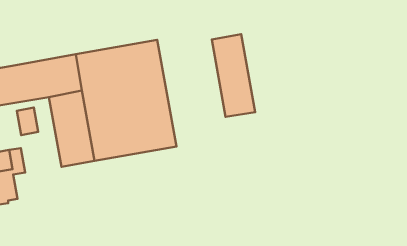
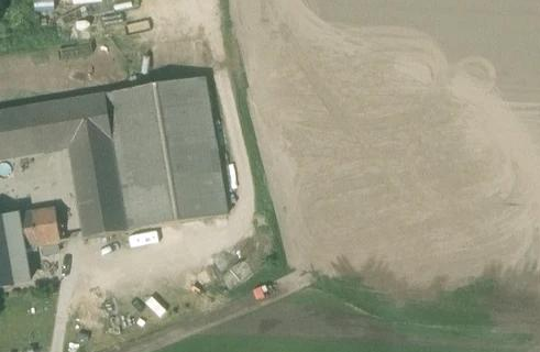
building: [212,34,255,117] -> none
building: [17,107,38,135] -> [29,209,56,245]

